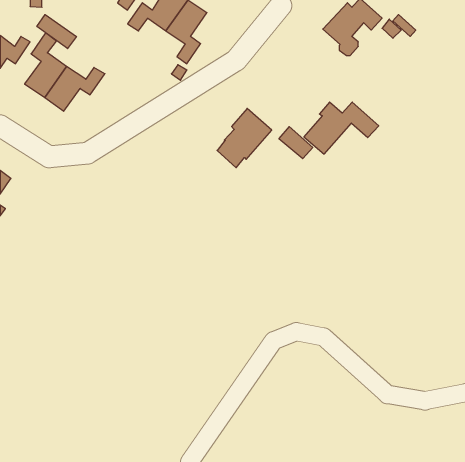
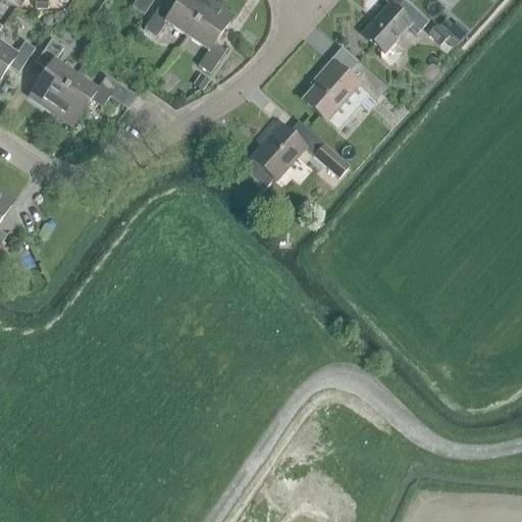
building: [37,15,76,49] -> none
building: [304,102,379,154] -> [303,60,386,118]

